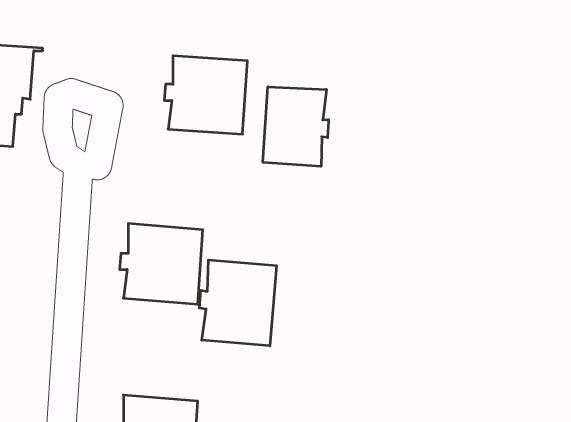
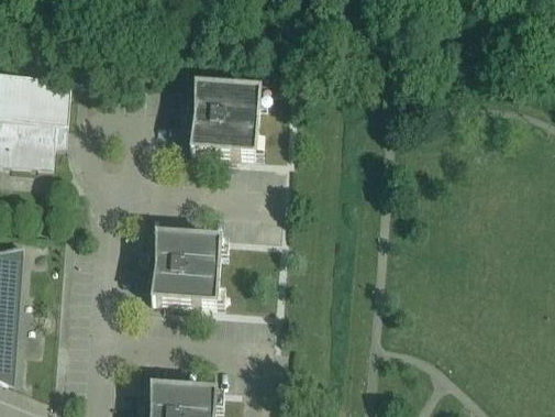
building: [263,87,329,166] -> none
building: [199,260,276,346] -> none

